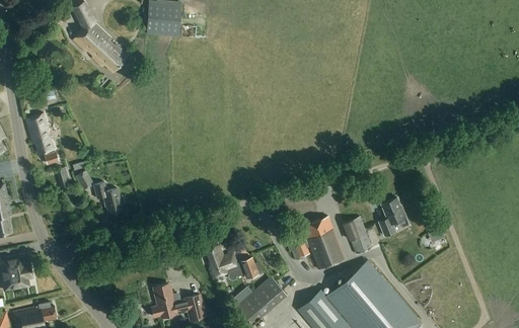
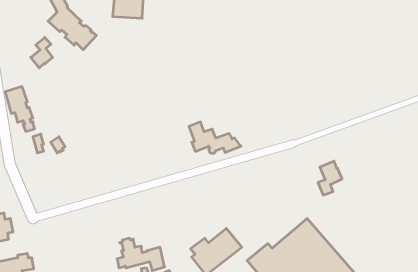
building: none -> [31,37,53,68]
building: [93,182,123,215] -> none
building: [294,217,345,269] -> none
building: [344,217,372,254] -> none
building: [206,245,265,280] -> [189,122,241,153]

